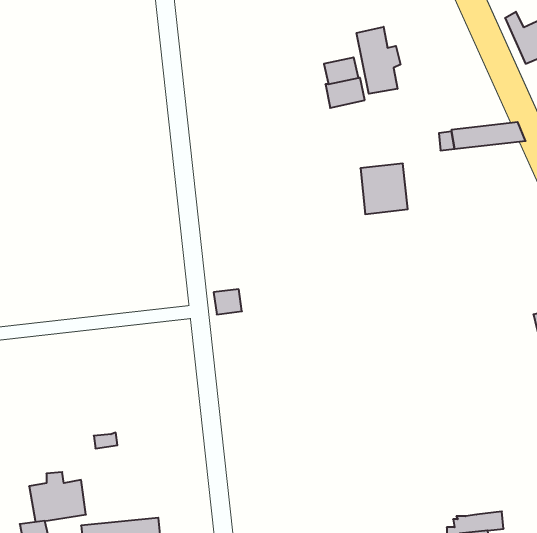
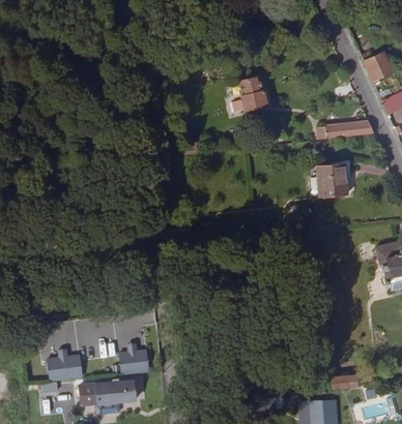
building: [357,27,400,94] -> none
building: [360,164,408,214] -> [316,163,347,196]
building: none -> [120,344,150,373]

